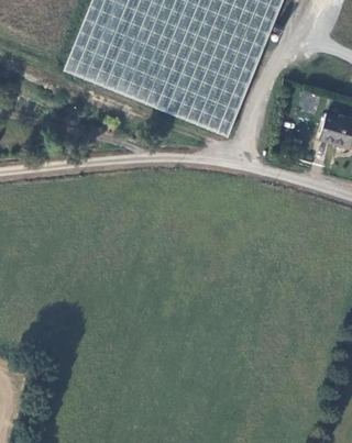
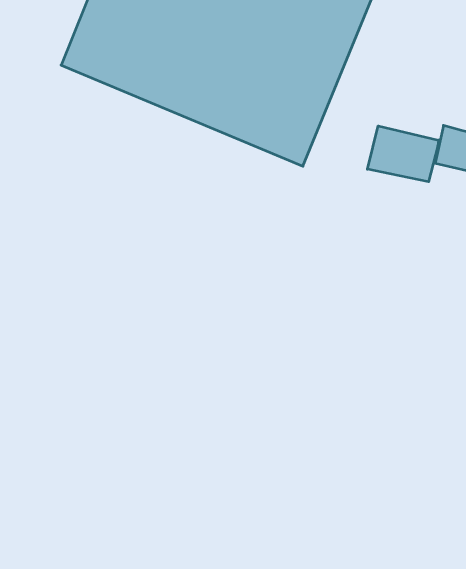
building: none -> [367,126,439,182]

